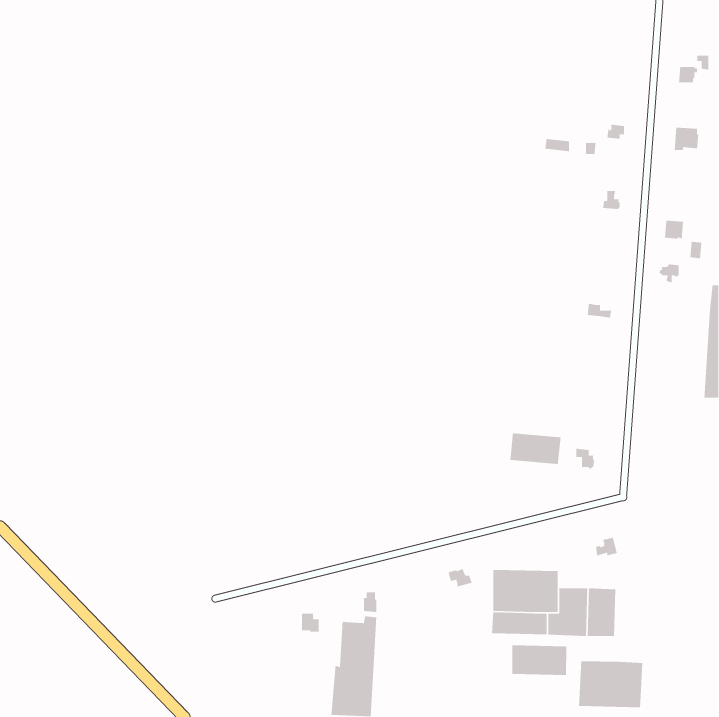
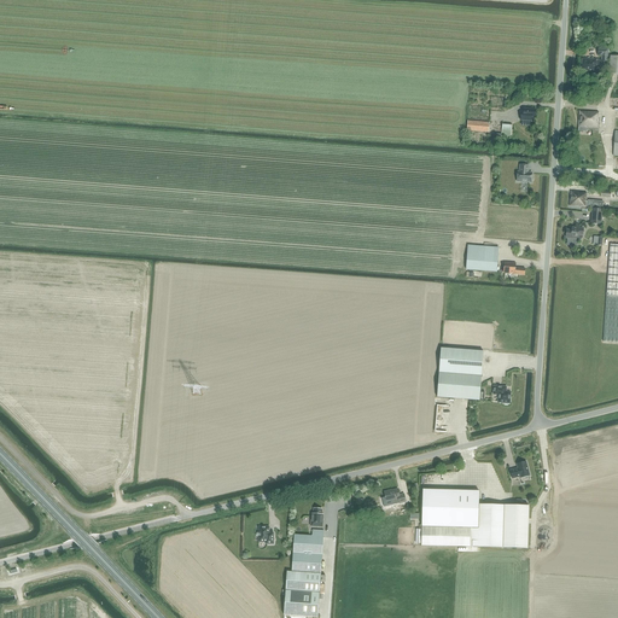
building: none -> [466,244,499,270]
building: none -> [439,346,483,374]
building: [511,644,567,676] -> none
building: [578,661,643,708] -> none

